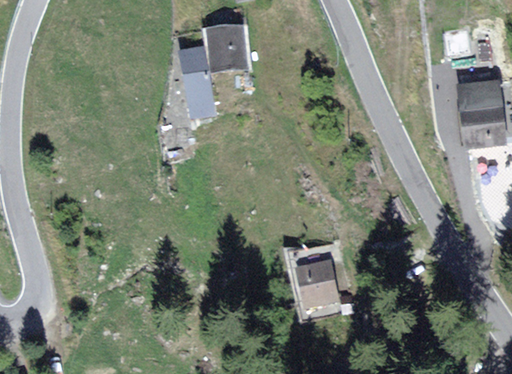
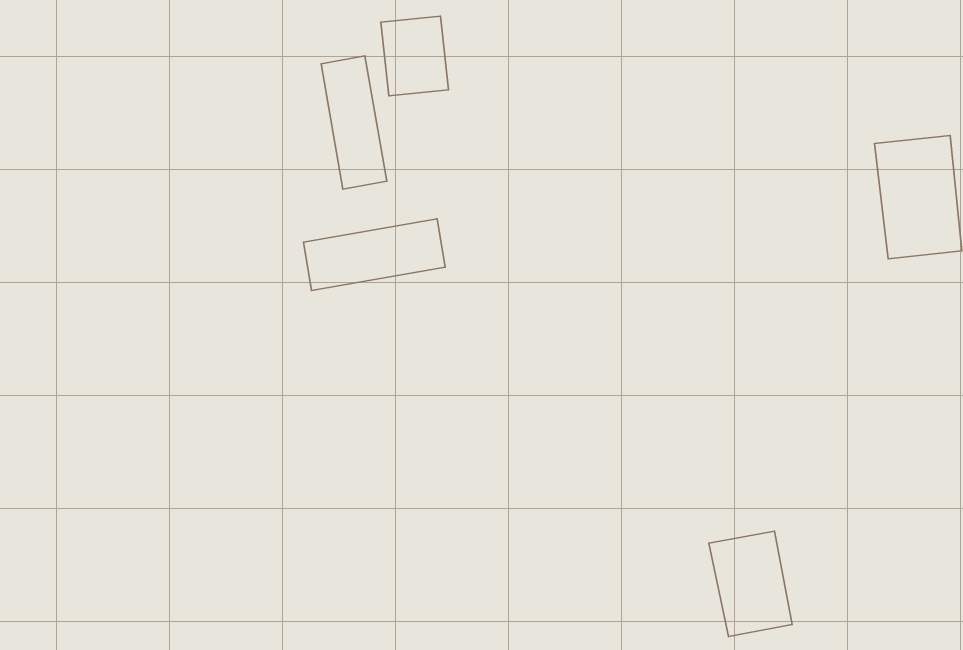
building: none -> [304,219,445,291]
building: [297,260,339,313] -> [709,531,792,637]

